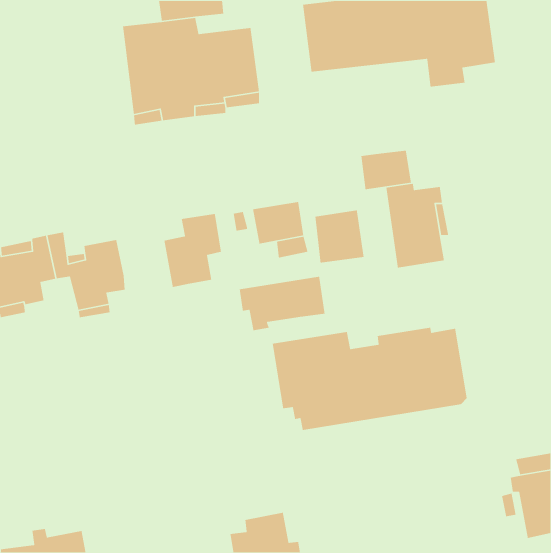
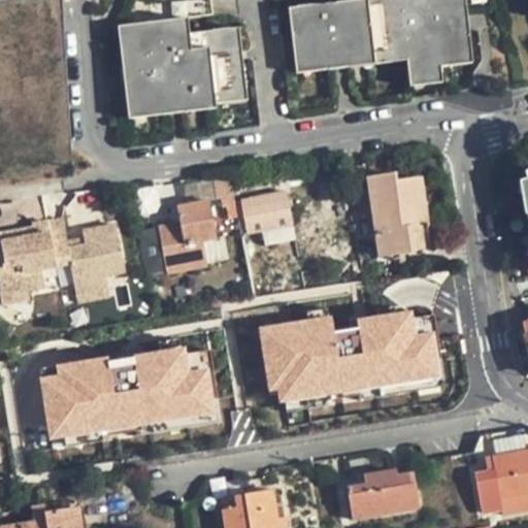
building: [361,150,412,190] -> none
building: [315,210,365,263] -> none
building: [239,276,325,331] -> none
building: none -> [39,348,222,443]
building: none -> [345,469,418,518]

